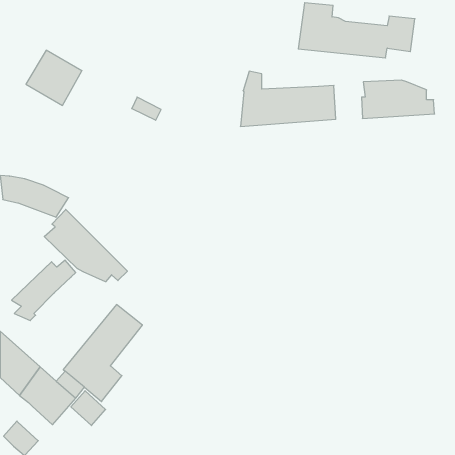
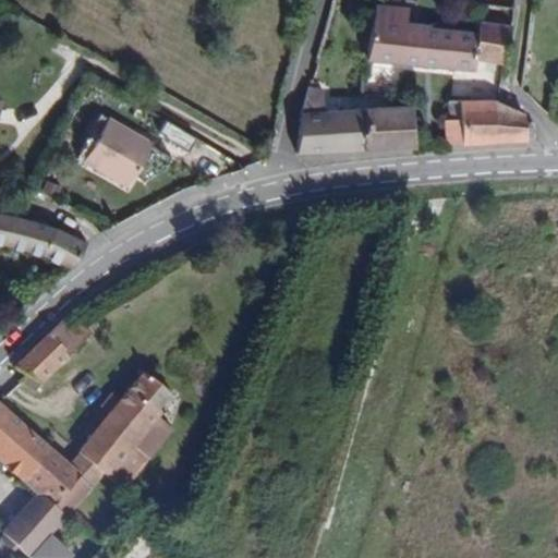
building: [26,50,82,105] -> [83,119,151,186]
building: [44,209,127,282] -> none
building: [71,391,106,426] -> [22,497,64,539]

